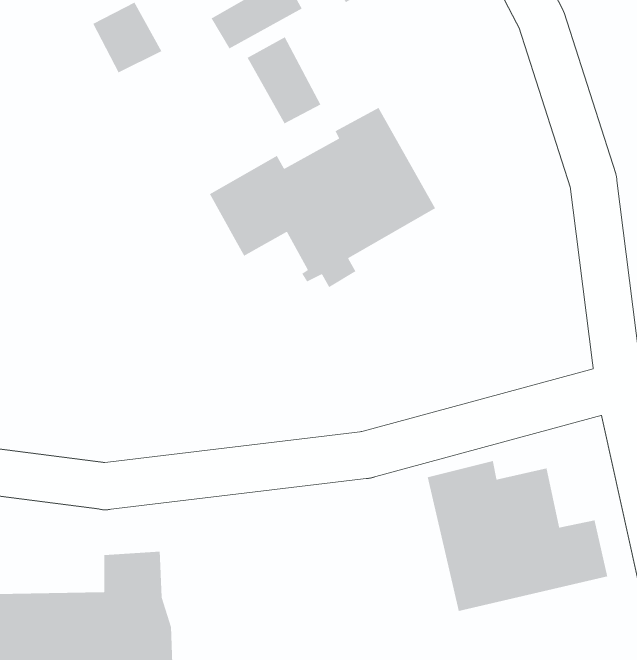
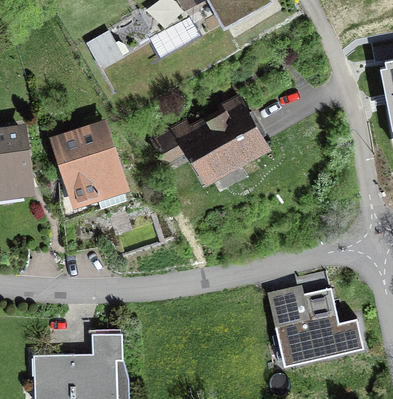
building: [247,36,321,125] -> none
building: none -> [48,115,130,207]

